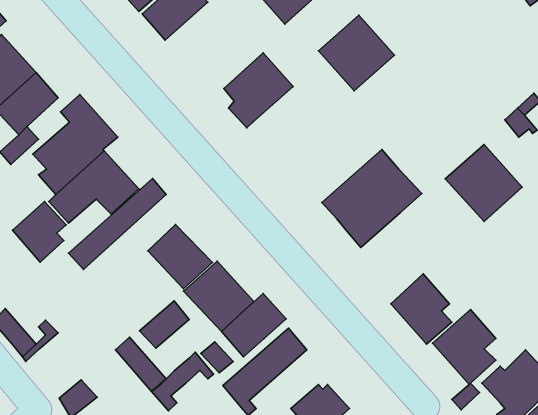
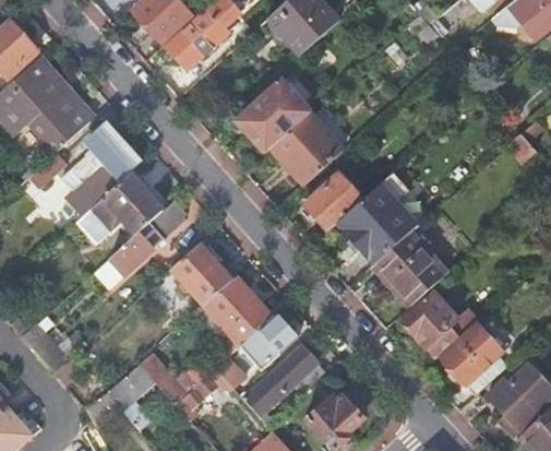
building: [319,15,395,91] -> [271,112,343,185]
building: [445,144,522,222] -> [373,233,446,306]
building: none -> [304,171,363,230]
building: [13,201,66,262] -> none
building: [140,301,189,348] -> [108,363,155,407]

